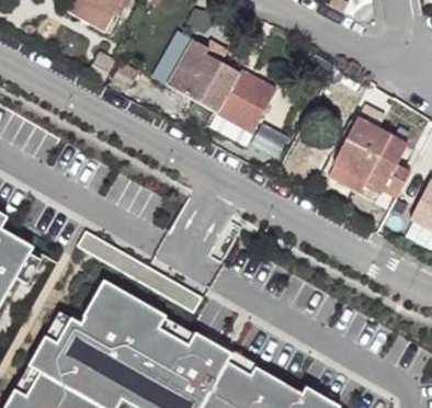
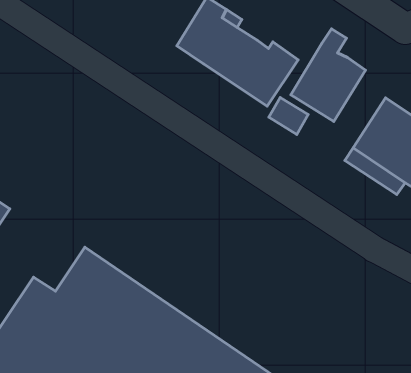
building: none -> [291,29,365,122]

